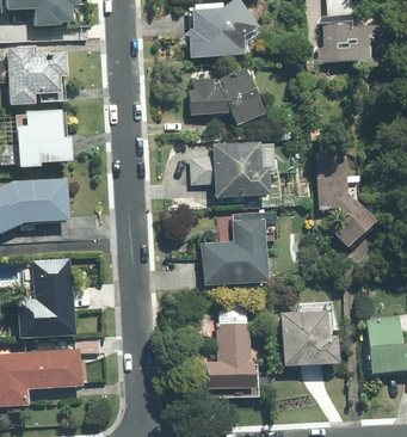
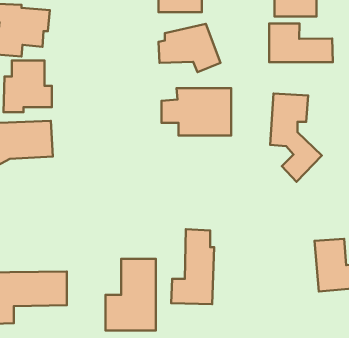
building: none -> [269,24,333,62]
building: [202,217,267,283] -> none
building: [17,257,74,338] -> [105,259,156,331]
building: [279,293,335,364] -> none

